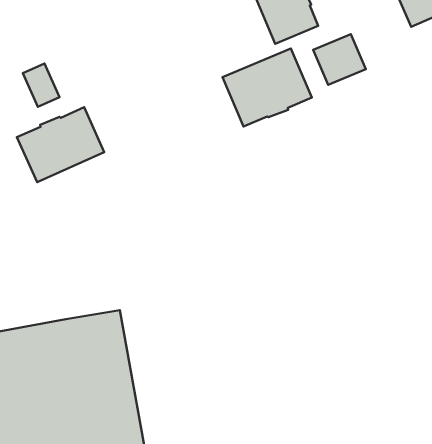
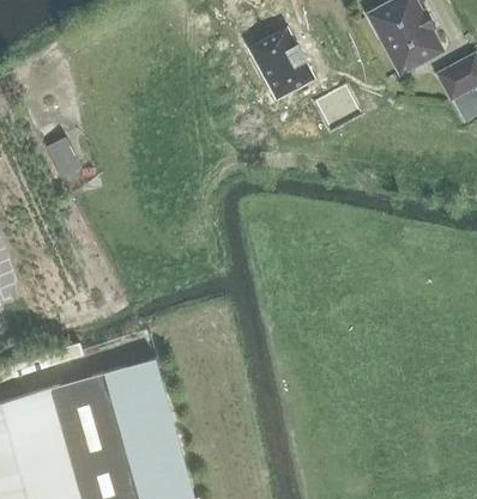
building: [222,48,312,126] -> none
building: [17,107,104,182] -> none

